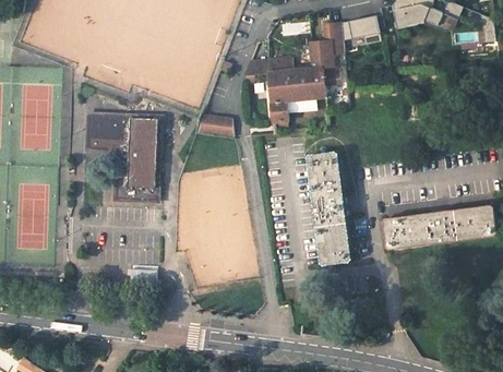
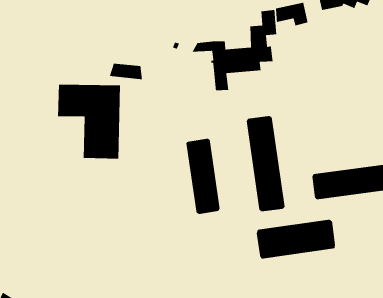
building: [195,119,236,140] -> [109,63,143,80]
building: none -> [186,138,221,215]
building: none -> [256,219,336,260]

